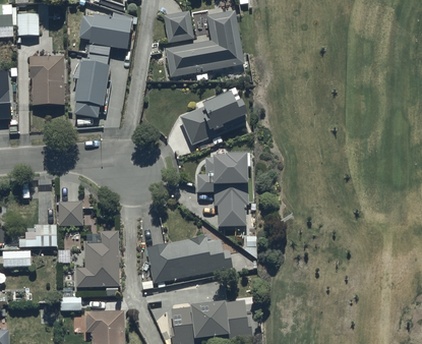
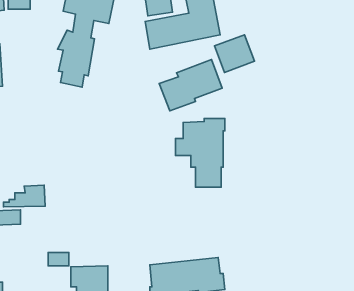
building: [28,56,64,104] -> none
building: none -> [214,35,255,72]
building: [57,200,82,226] -> none
building: [75,230,118,294] -> none
building: [141,236,232,289] -> none

